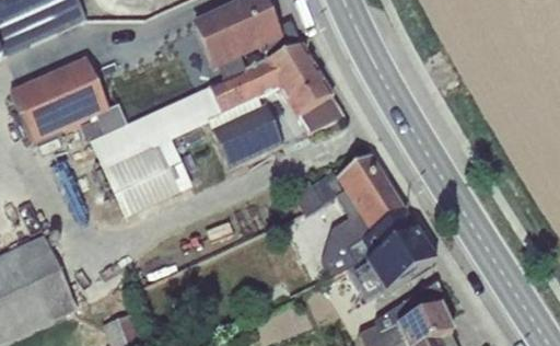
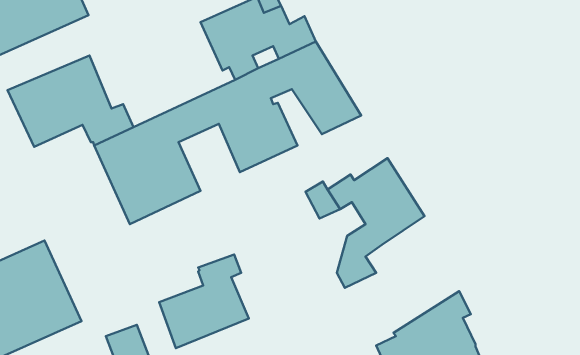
building: [350,208,435,298] -> none
building: none -> [159,254,249,348]

